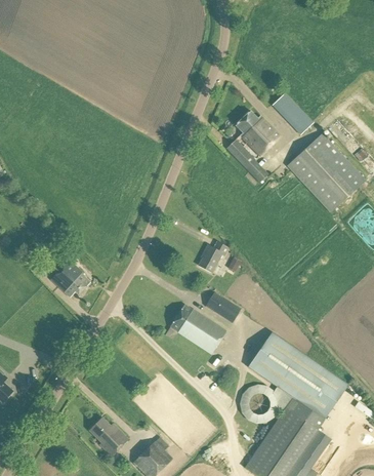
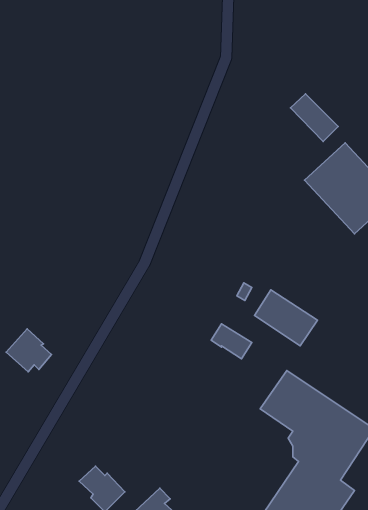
building: [225,111,279,182] -> none
building: [197,243,225,273] -> none
building: [49,259,89,296] -> [6,329,52,372]
building: [169,304,224,353] -> [255,290,318,346]

